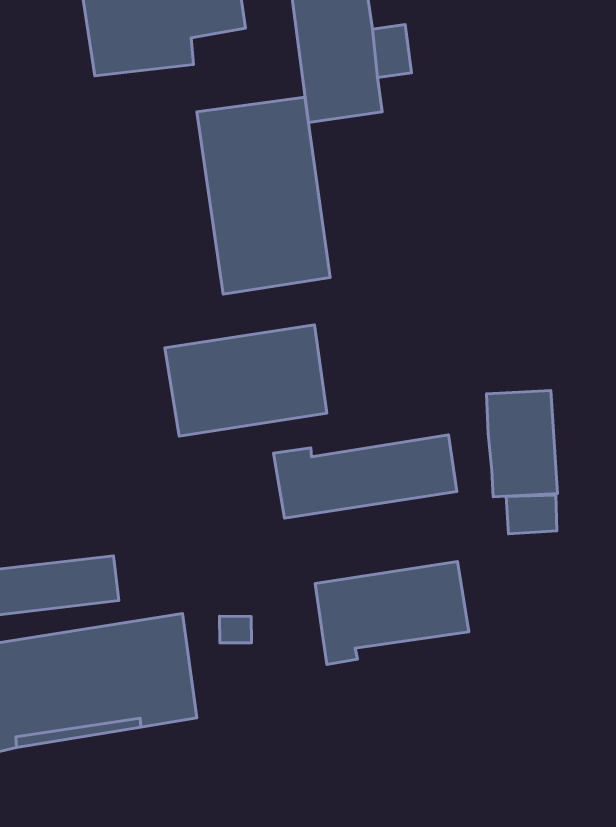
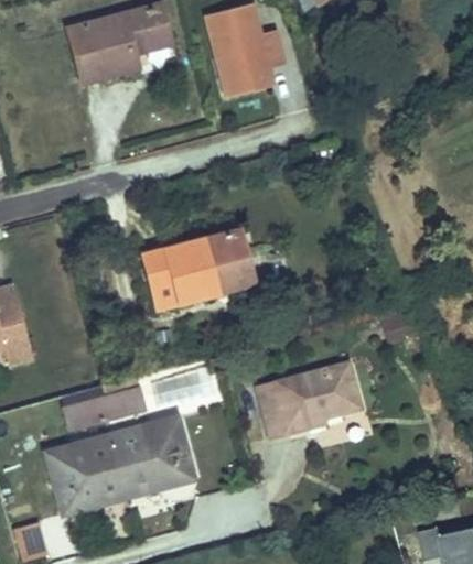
building: [197,97,330,294] -> none
building: [487,390,558,497] -> none
building: [273,435,457,518] -> none

